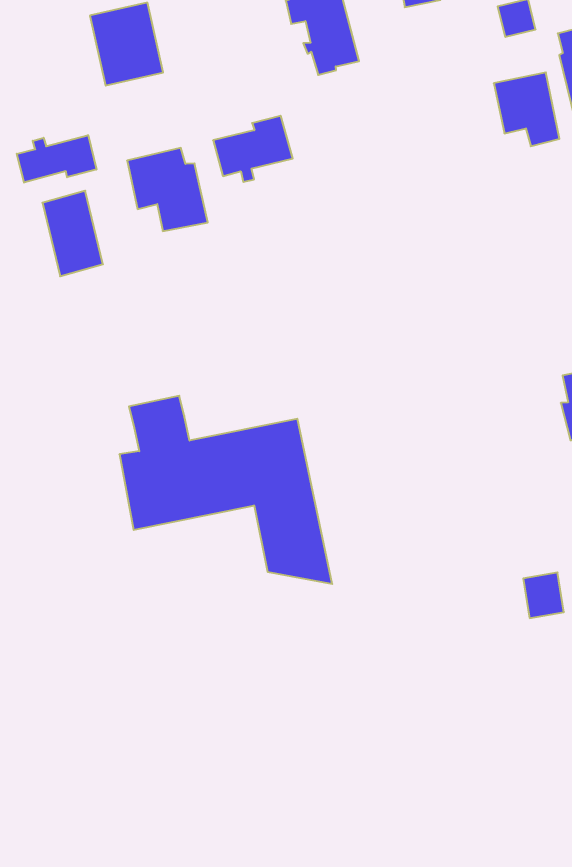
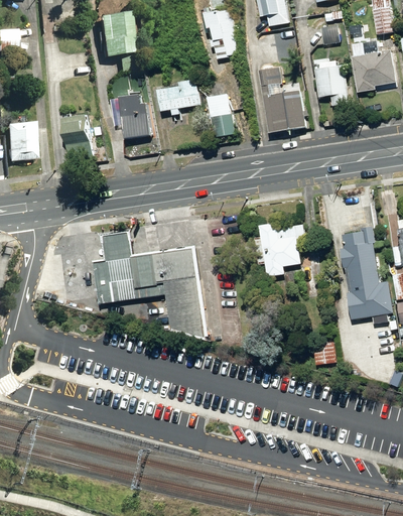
building: none -> [259,66,305,132]
building: [17,135,96,183] -> none
building: none -> [206,93,235,136]
building: none -> [255,222,305,275]

